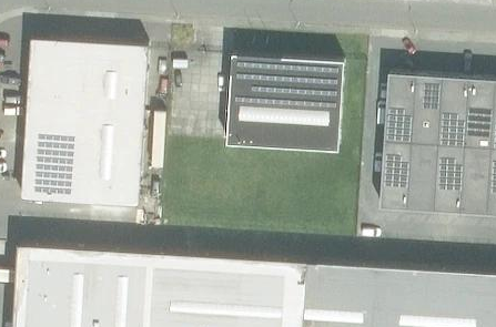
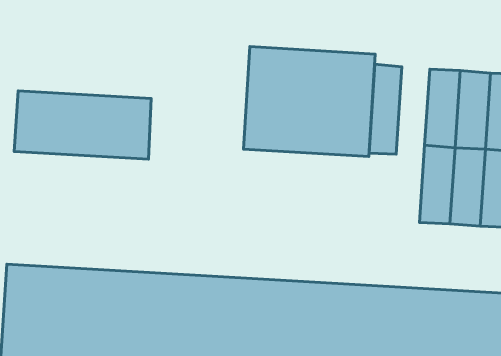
building: [29,39,149,100] -> none
building: none -> [369,64,402,154]
building: [22,146,143,206] -> none

